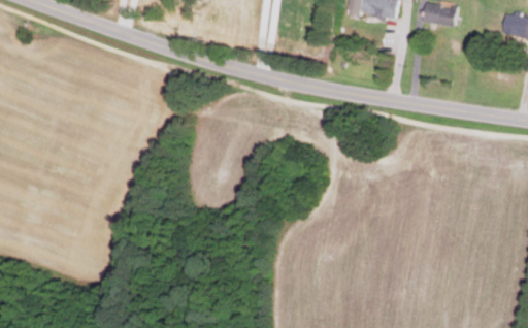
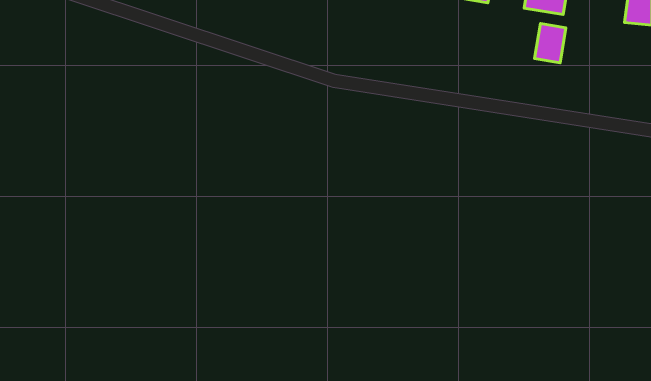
building: none -> [535,23,566,63]

